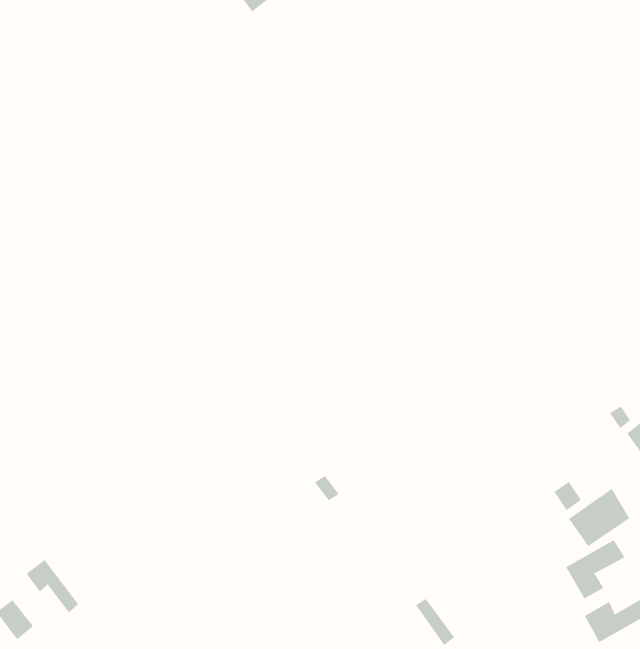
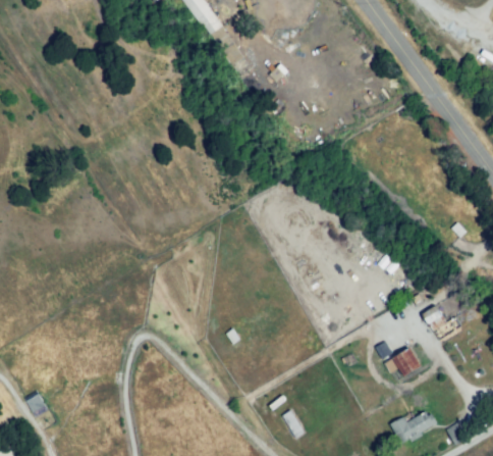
building: [566,539,625,599] -> none
building: [26,559,79,613] -> none

